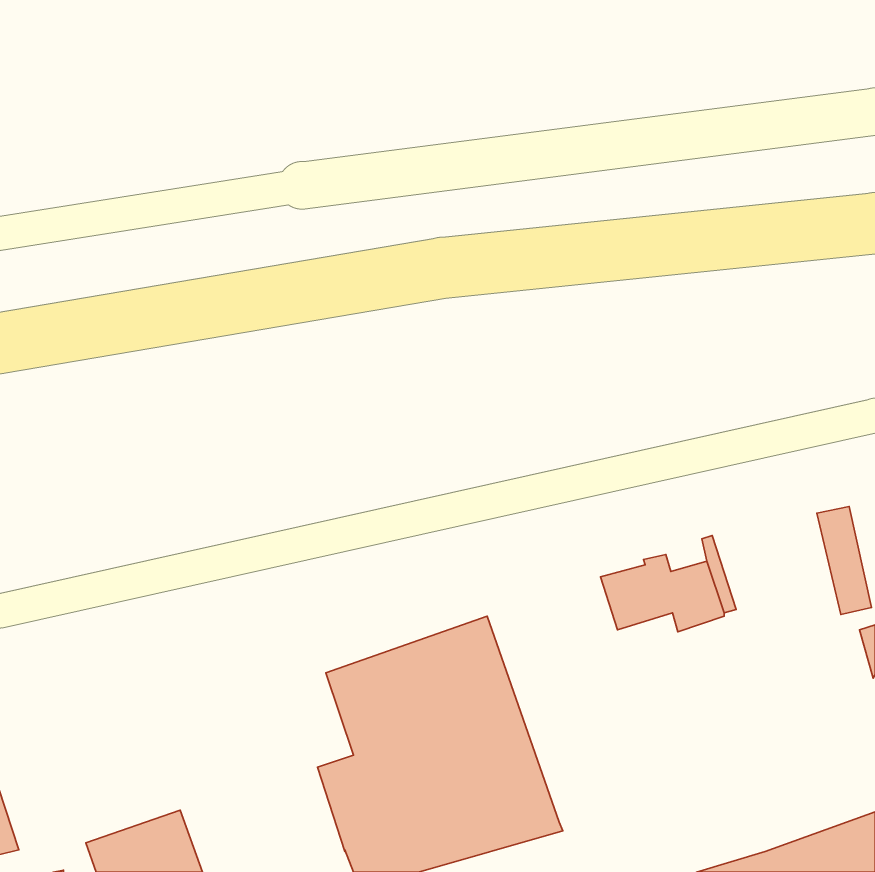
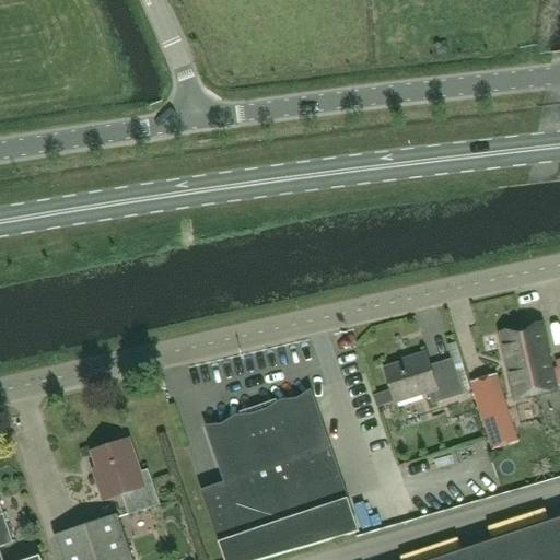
building: none -> [500,327,536,396]
building: none -> [470,372,516,446]
building: none -> [93,440,159,514]

